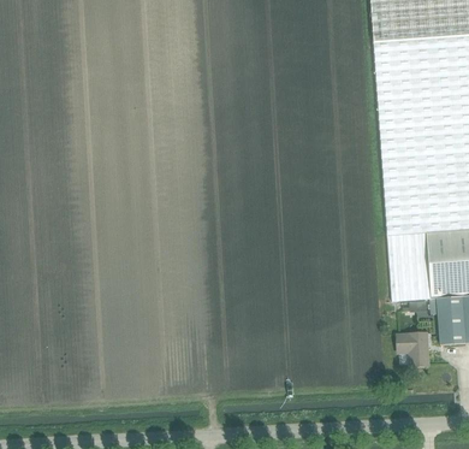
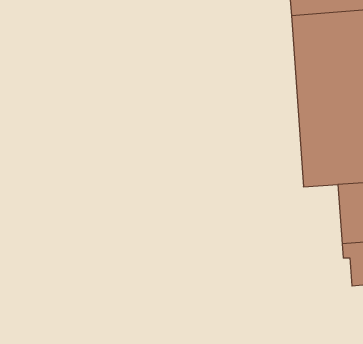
building: [387,234,431,303] -> none
building: [398,335,429,367] -> none

